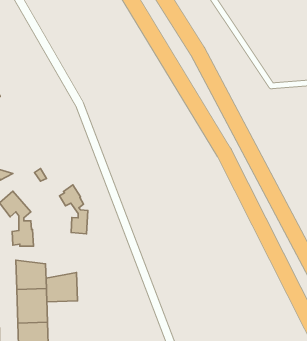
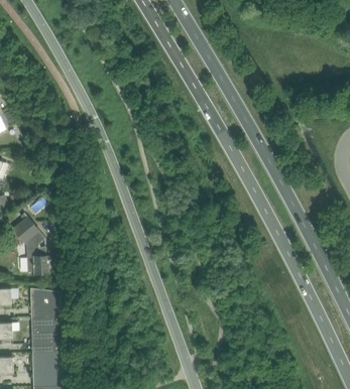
building: [59,185,88,234] -> none
building: [46,273,77,302] -> none

